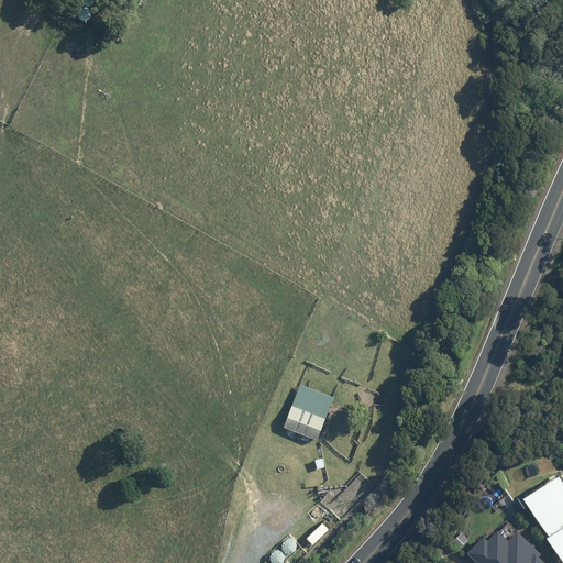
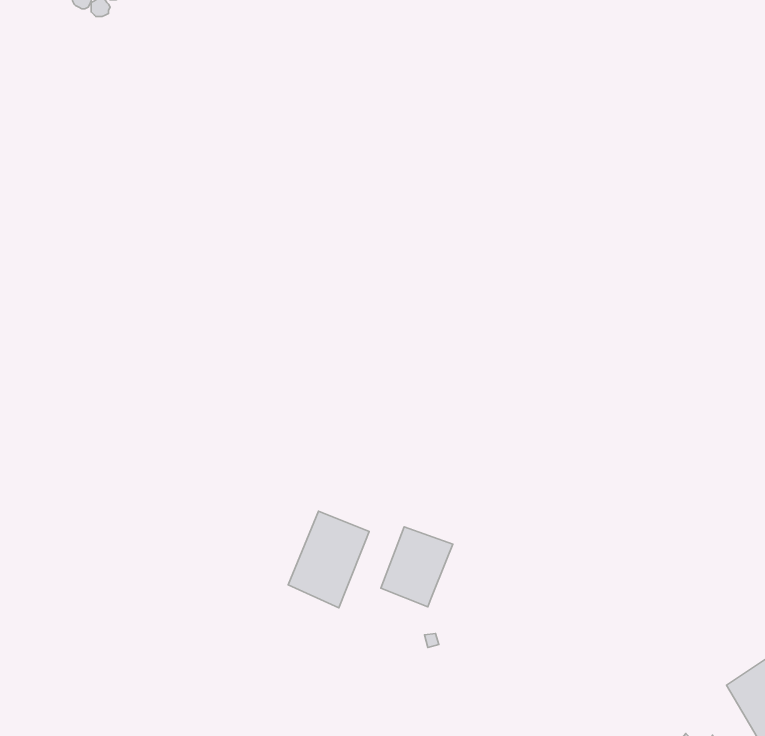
building: none -> [288,511,369,608]

